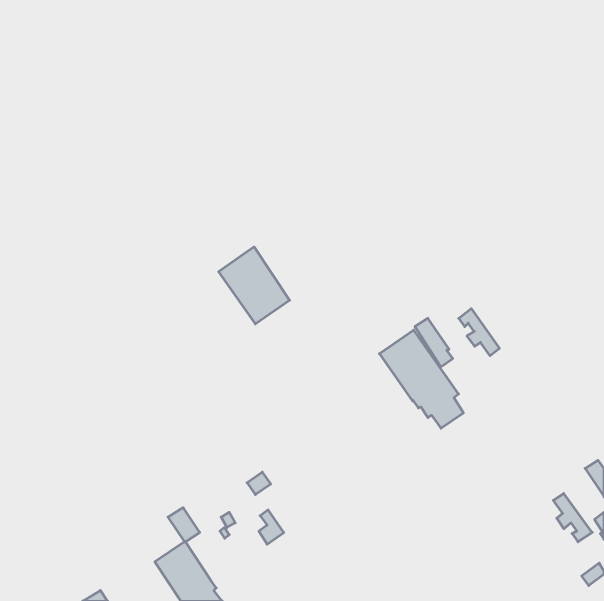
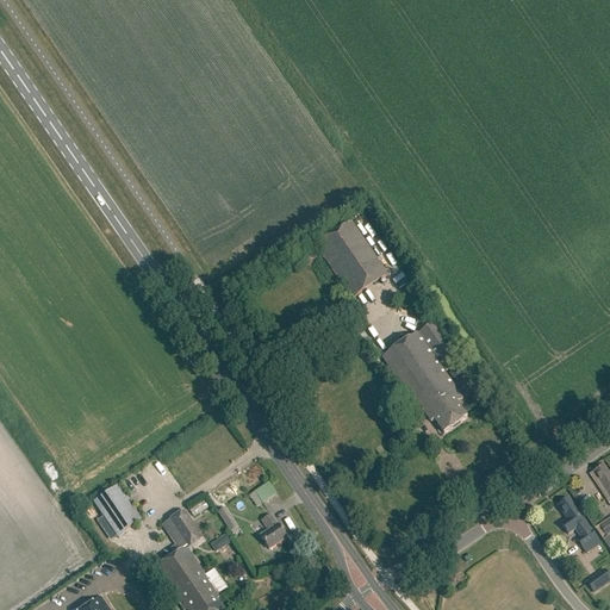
building: [219,247,290,324] -> [316,219,387,297]
building: [459,309,499,356] -> none
building: none -> [93,483,142,534]

